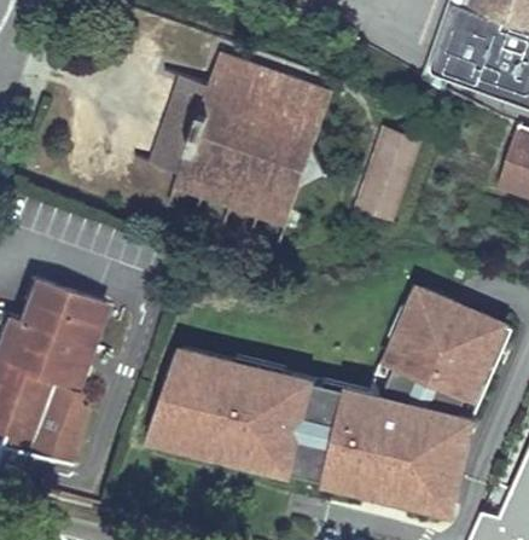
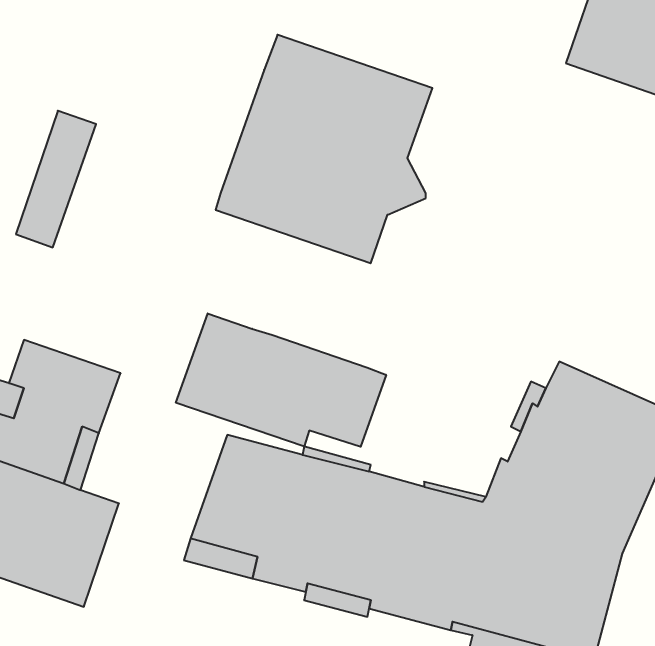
building: [150,72,208,172] -> [16,111,96,247]
building: [355,126,420,219] -> none
building: none -> [176,313,386,447]

